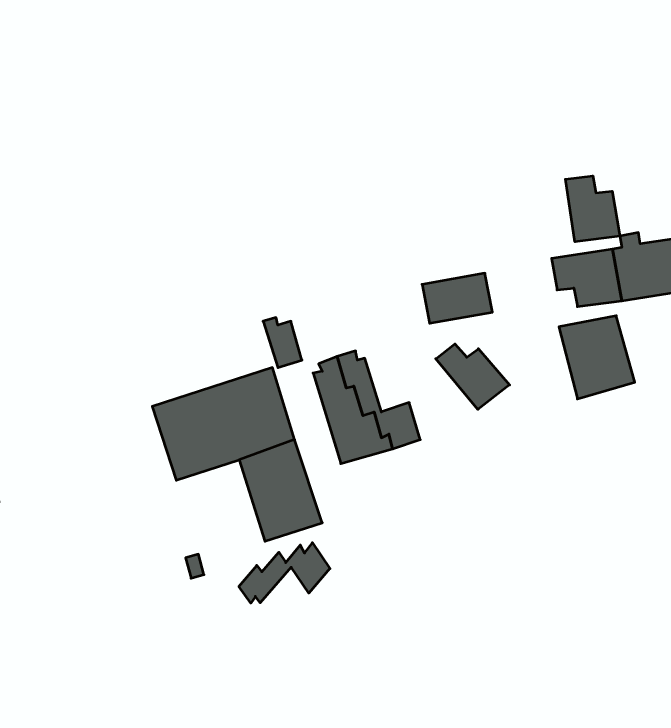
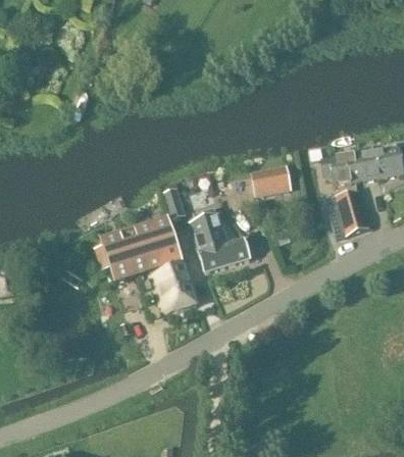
building: [565,176,620,242] -> none
building: [436,344,510,409] -> none
building: [239,543,330,603] -> none

